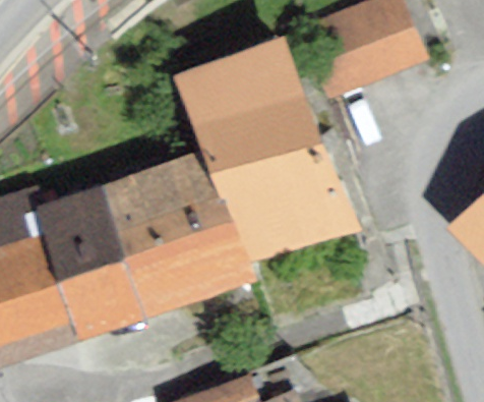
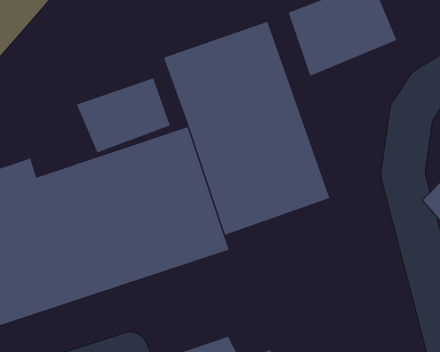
building: none -> [76,77,170,153]

